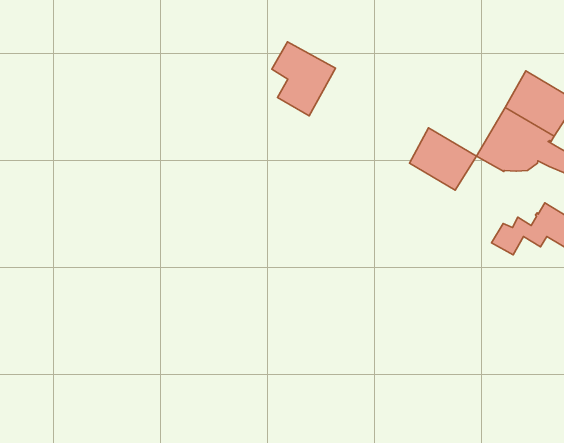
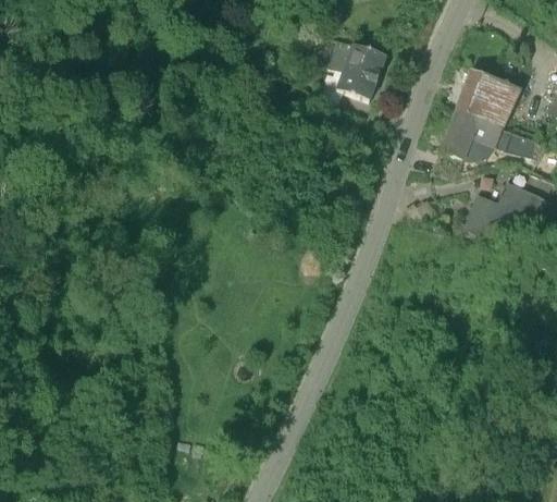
building: [272,42,335,116] -> [330,38,385,100]
building: [410,128,477,190] -> none

